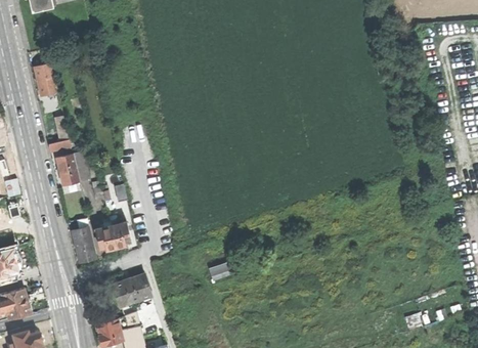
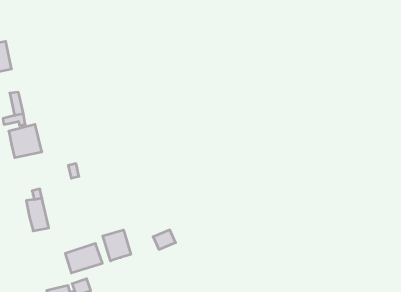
building: [94,219,131,251] -> none
building: none -> [103,230,131,261]

